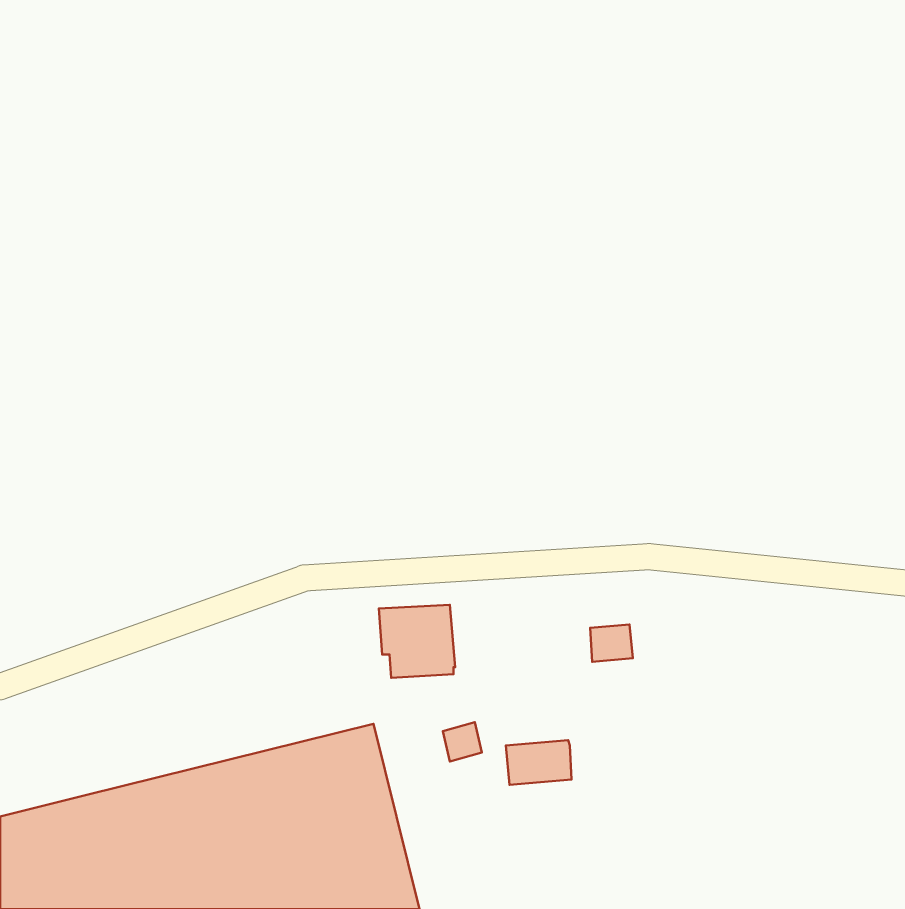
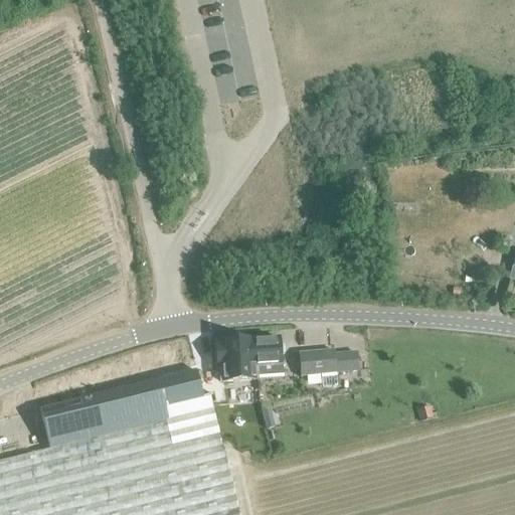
building: none -> [256,340,286,377]
building: none -> [42,372,216,450]
building: [506,740,572,785] -> [300,352,337,377]

